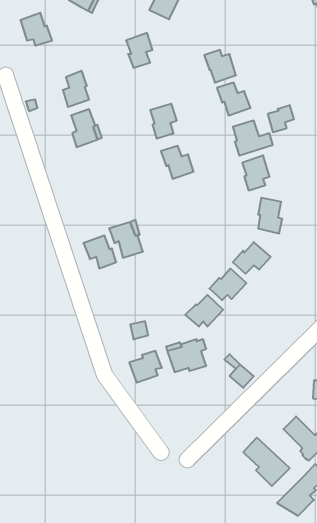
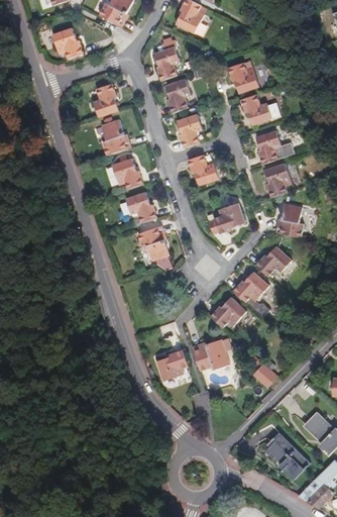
building: none -> [164,78,191,112]
building: [268,105,294,132] -> none
building: none -> [112,158,142,189]
building: none -> [208,202,245,234]
building: [83,236,116,268] -> [125,191,156,222]

